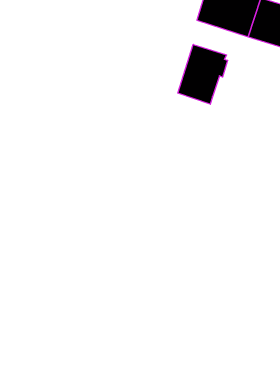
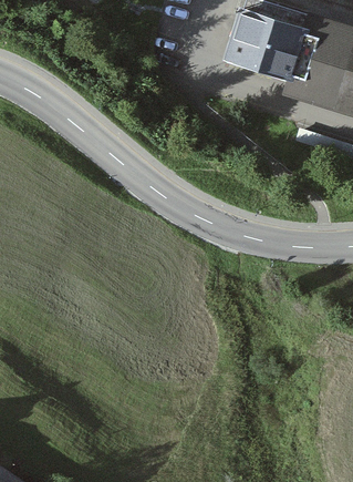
building: [178,44,228,104] -> none

